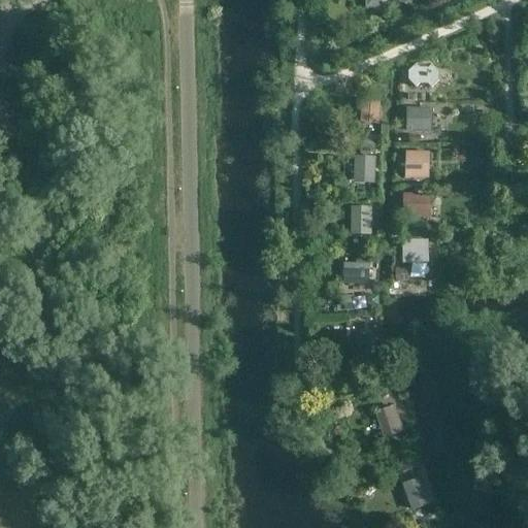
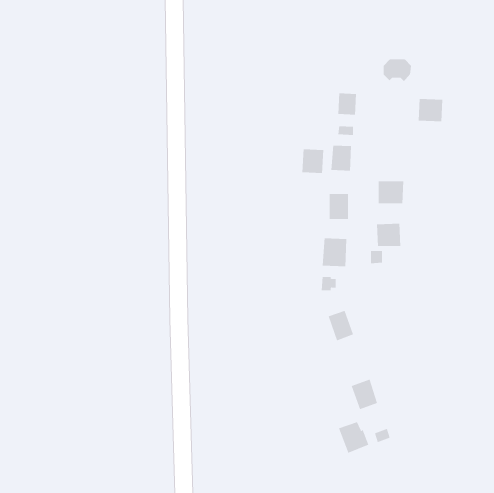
building: [406,106,433,131] -> [418,99,443,122]
building: [405,151,429,178] -> none
building: none -> [302,148,324,174]
building: [401,476,434,510] -> [338,421,369,453]

